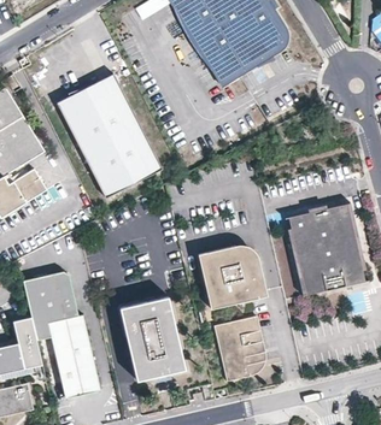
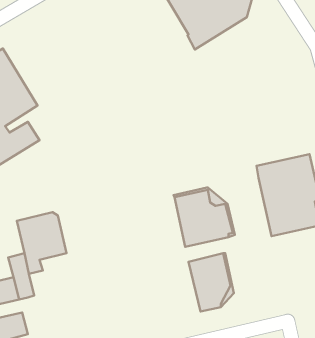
building: [57,73,162,197] -> none
building: [121,296,184,380] -> none
building: [47,314,100,399] -> none

